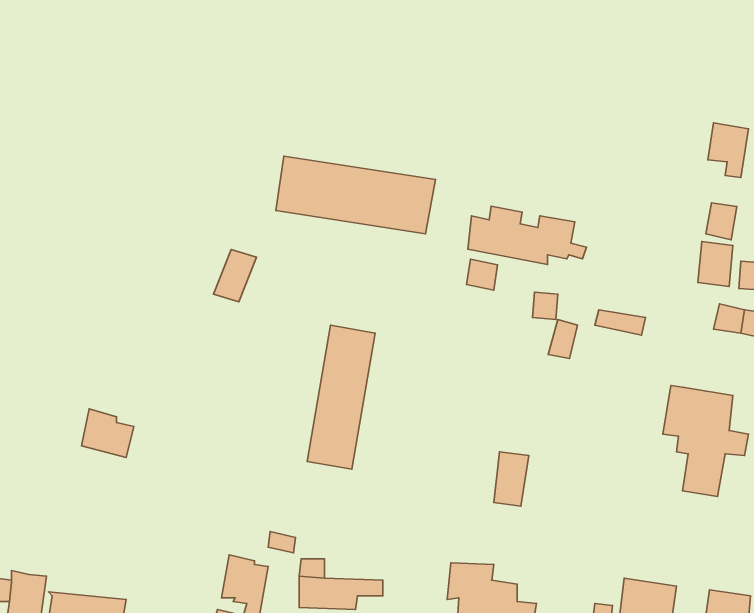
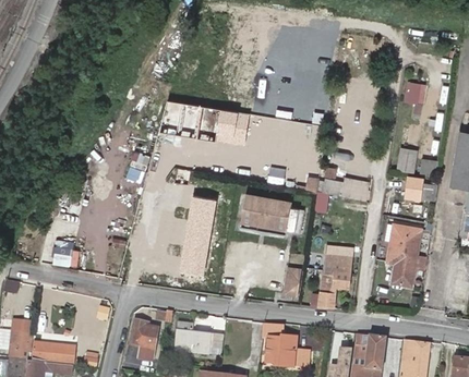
building: [468,206,586,265] -> [241,197,308,230]
building: none -> [316,254,352,308]

